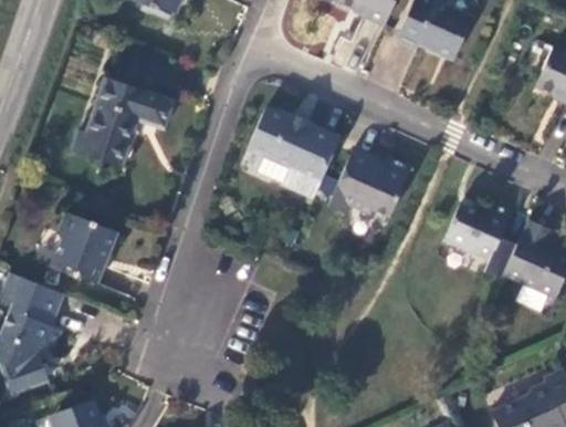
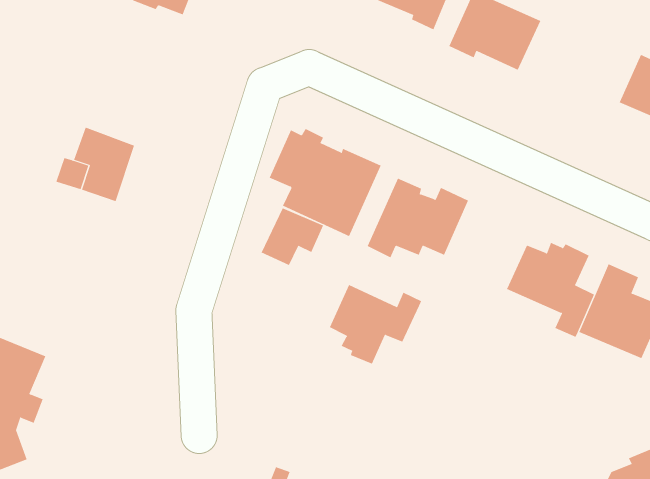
building: [96,79,174,129] -> none
building: none -> [261,207,324,266]
building: [55,212,117,284] -> none
building: none -> [329,284,422,364]

